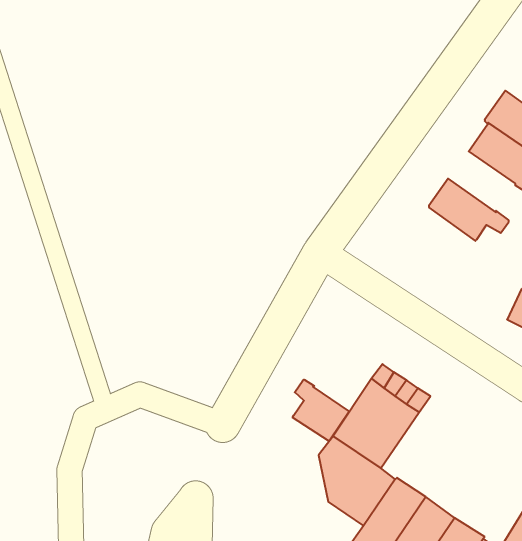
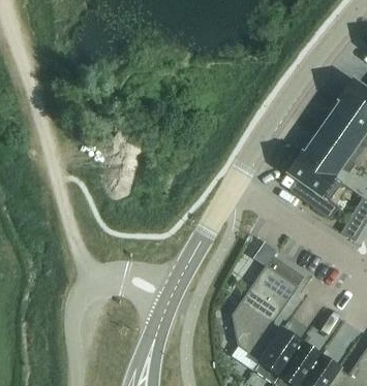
building: none -> [316,117,360,156]
building: none -> [288,151,343,217]
building: [293,380,349,441] -> none

